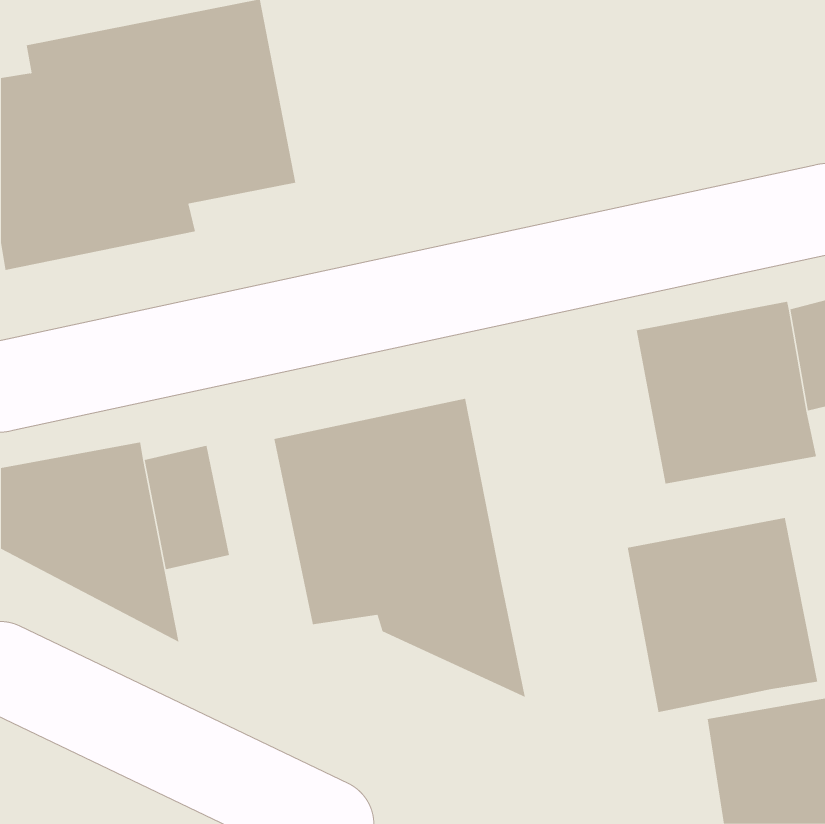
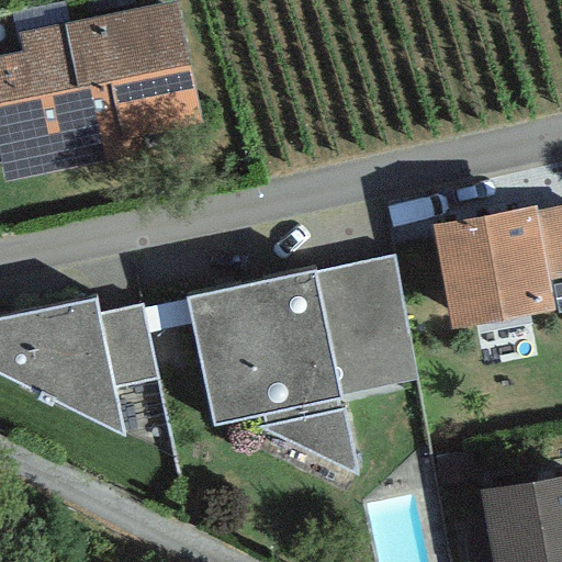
building: none -> [317,255,417,393]
building: [627,517,818,713] -> none

